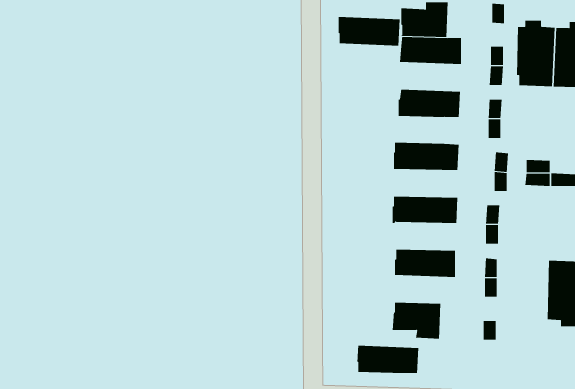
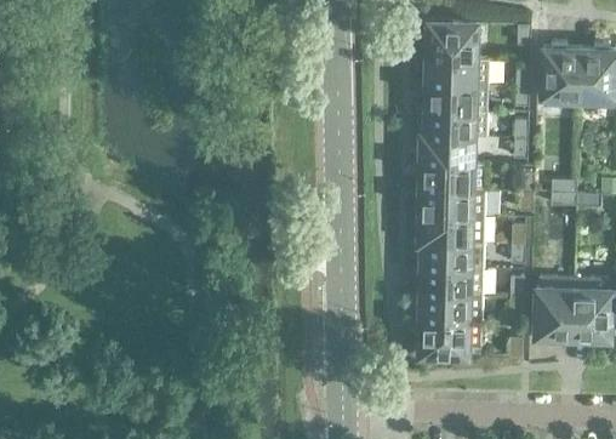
building: [338,17,400,46] -> [426,87,487,116]
building: none -> [420,138,470,167]
building: none -> [418,193,484,221]
building: none -> [421,245,483,273]
building: none -> [534,283,572,347]
building: [356,345,419,374] -> [420,297,481,325]

